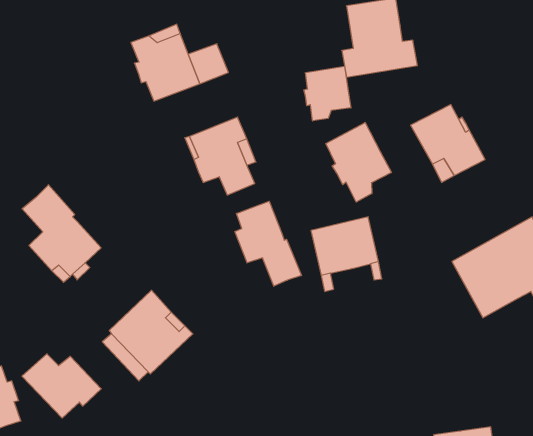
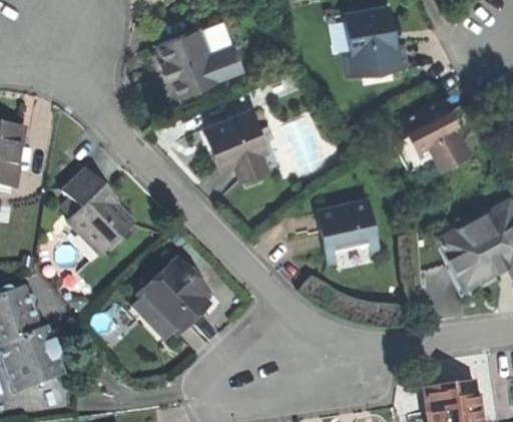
building: [304,66,351,121] -> none
building: [326,122,391,202] -> none
building: [235,201,301,286] -> none
building: [22,354,101,418] -> none

